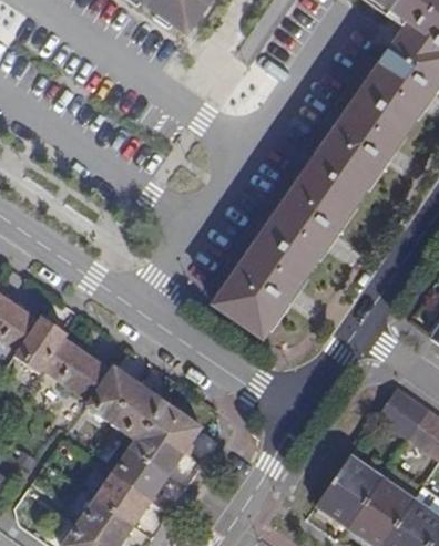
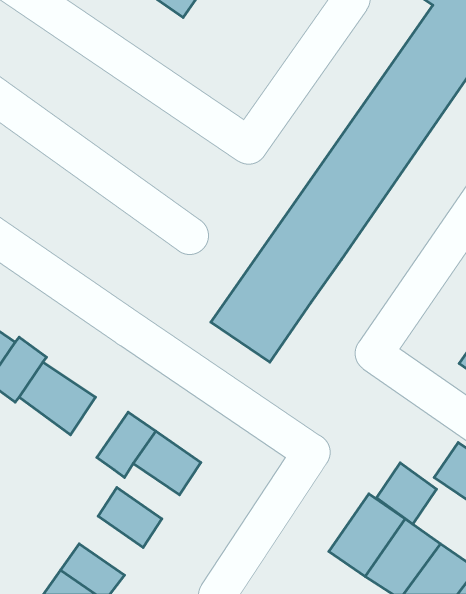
building: [84,365,137,422] -> none
building: [376,385,429,440] -> [376,463,437,524]
building: [127,427,183,476] -> none
building: [94,474,151,526] -> none

